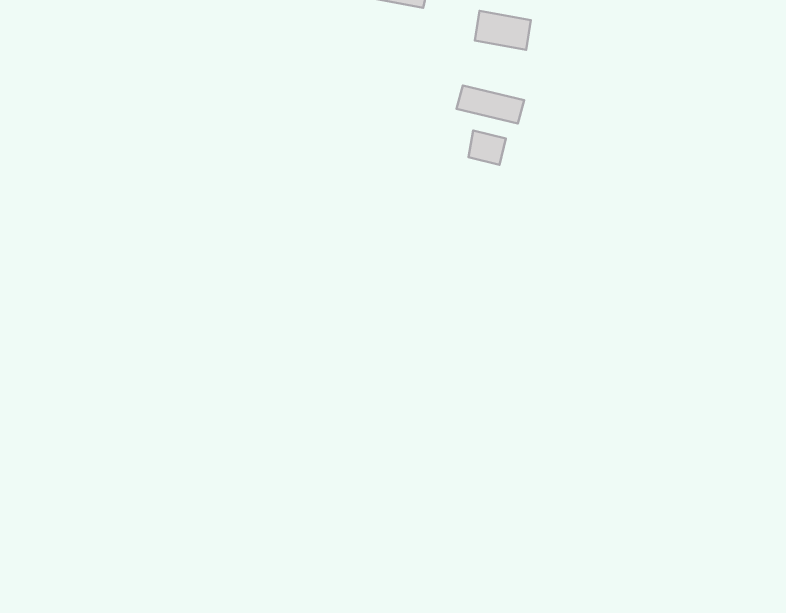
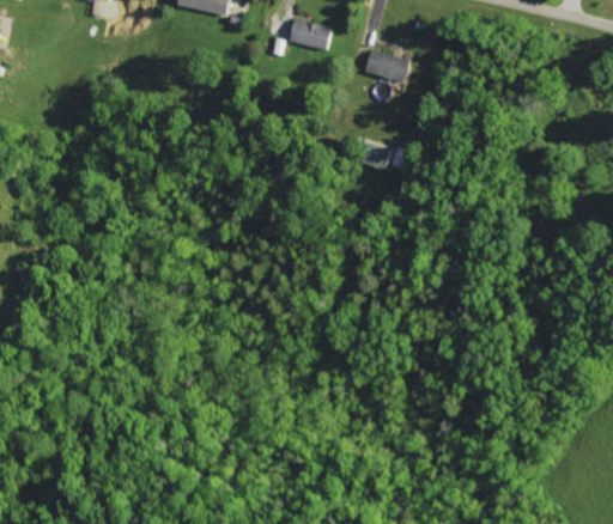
building: [457,86,524,123] -> none

